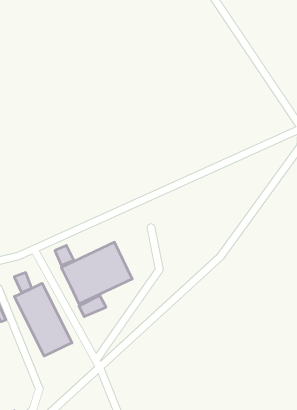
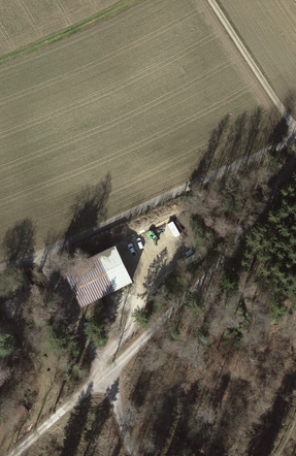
building: [14,283,72,356] -> none

